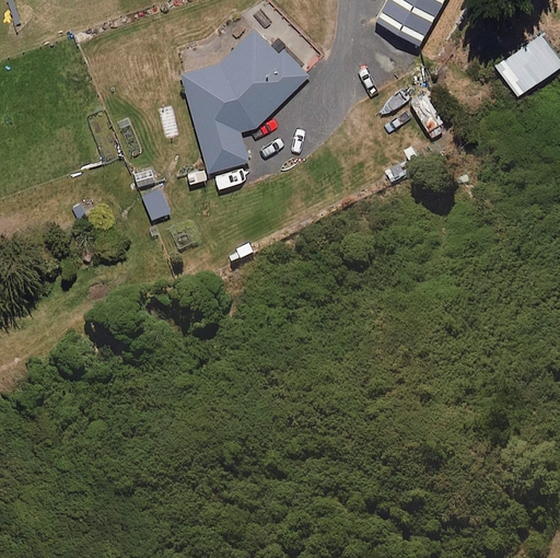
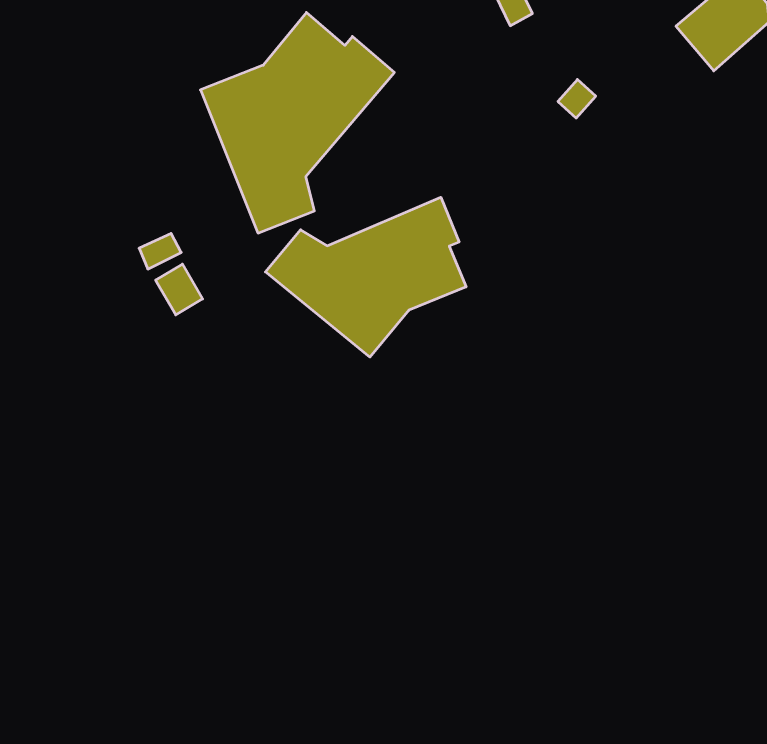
building: none -> [265,197,466,357]

